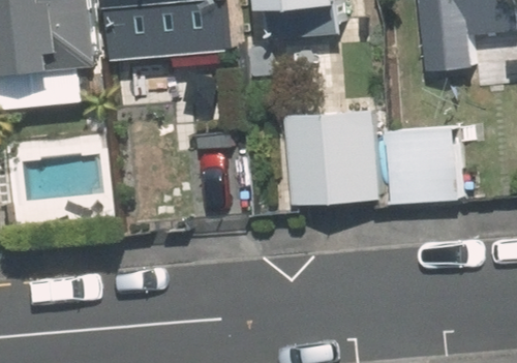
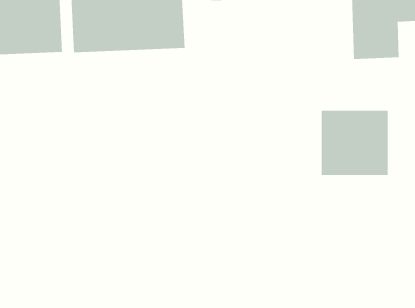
building: [283,107,376,200] -> none

